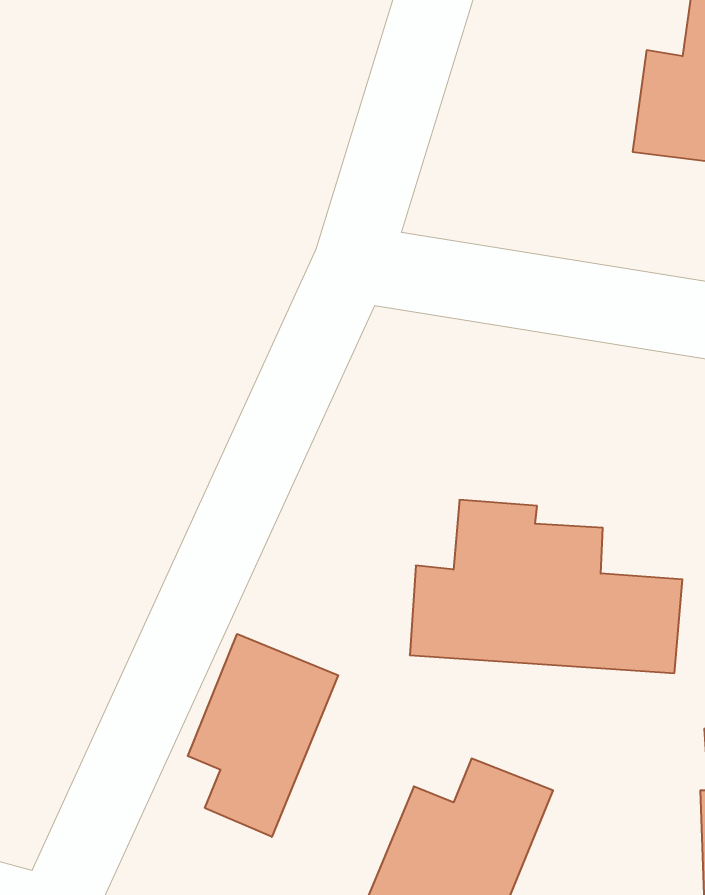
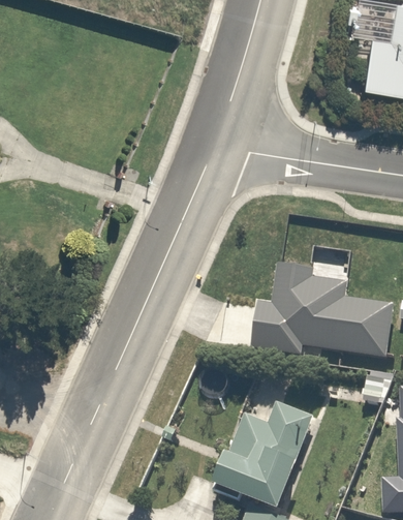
building: [188,634,338,837] -> none

